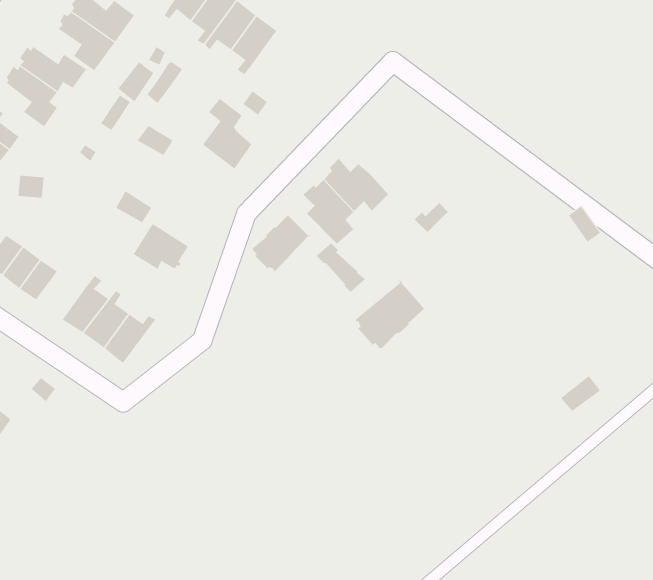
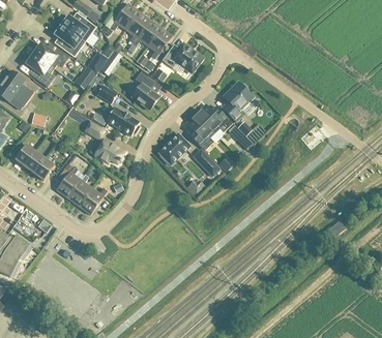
building: none -> [161,43,202,72]
building: none -> [223,82,252,122]
building: none -> [106,106,139,135]
building: [355,280,426,349] -> none

